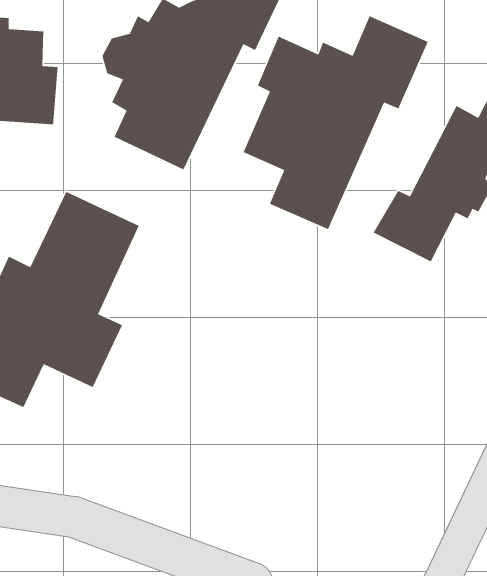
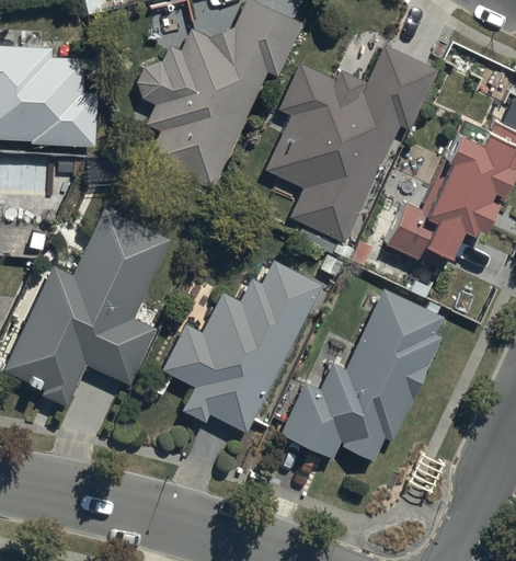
building: none -> [161,249,321,434]
building: none -> [282,287,444,463]

